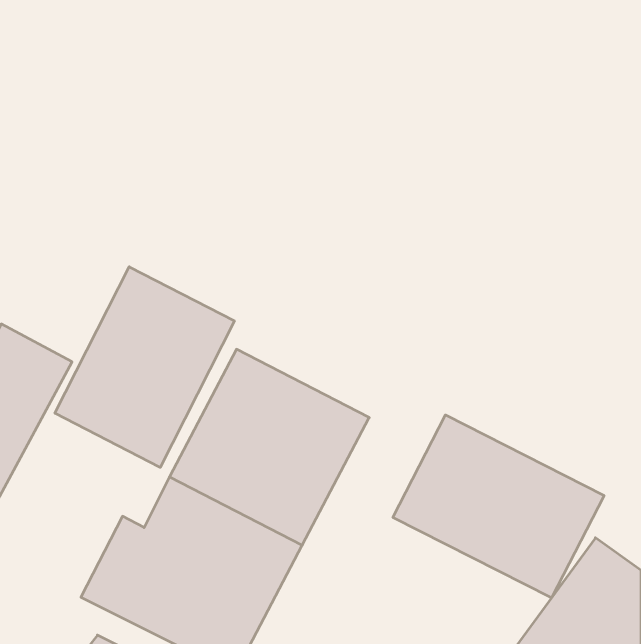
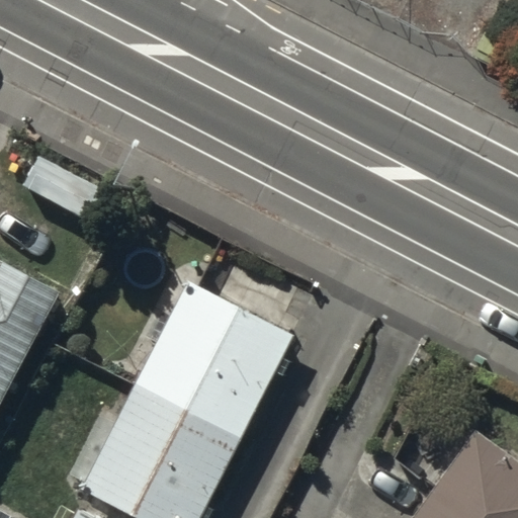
building: [55,267,234,467] -> none
building: [393,415,604,598] -> none

